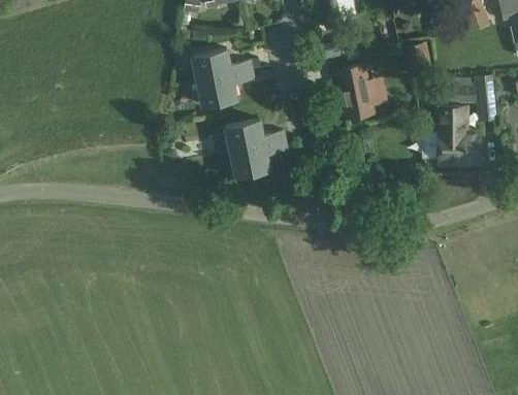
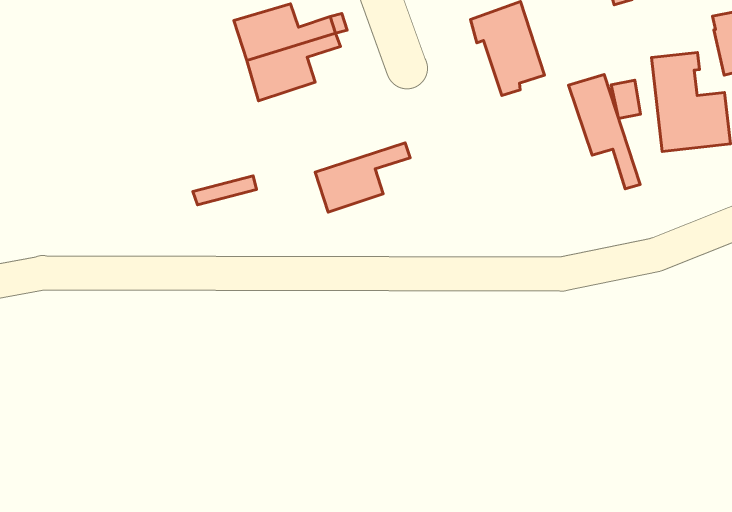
building: [446,79,474,102] -> none
building: none -> [568,75,640,189]
building: [225,120,286,152] -> none

